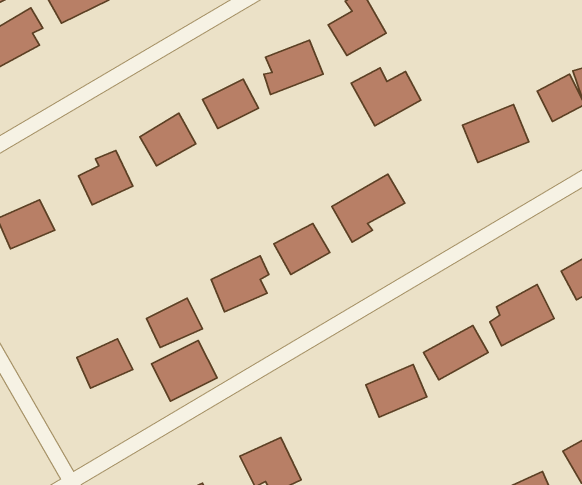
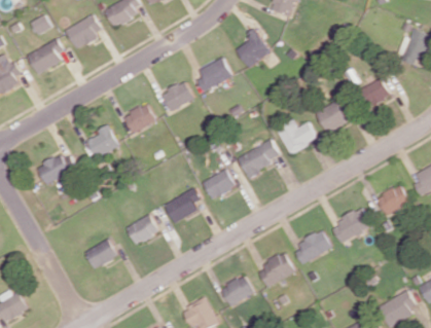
building: [351,68,421,126] -> [277,119,319,154]
building: [151,340,217,401] -> none
building: none -> [222,276,255,305]

